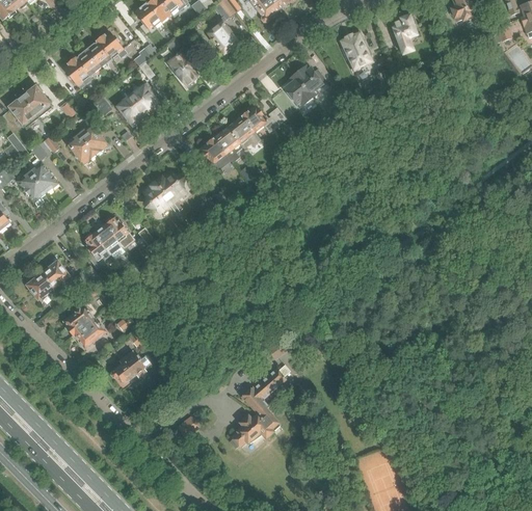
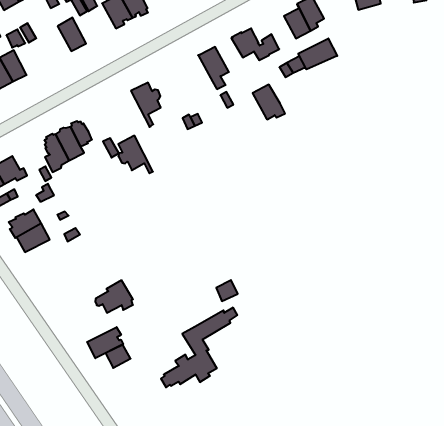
building: none -> [298,38,337,69]
building: [227,116,260,149] -> [253,85,285,119]
building: [66,133,95,163] -> none
building: [198,137,230,166] -> none
building: [142,181,179,213] -> [118,136,153,173]
building: [111,350,147,382] -> [95,280,133,313]
building: none -> [87,327,123,358]

